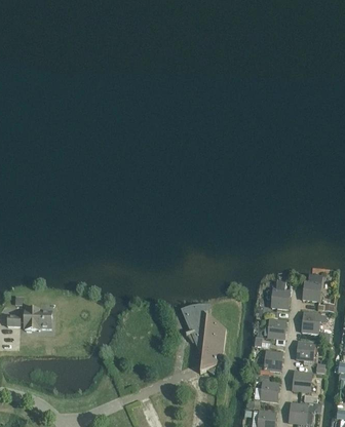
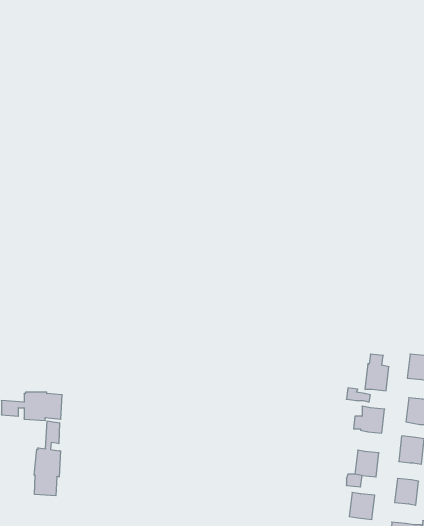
building: [180,307,225,373] -> none
building: none -> [34,421,61,496]

